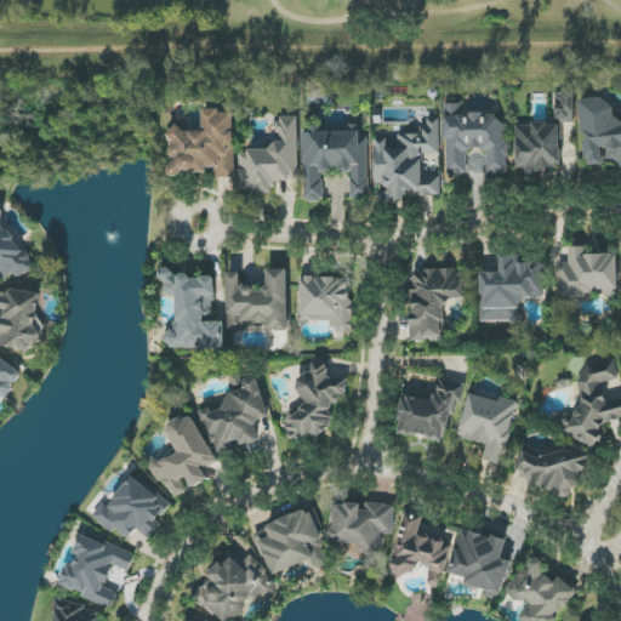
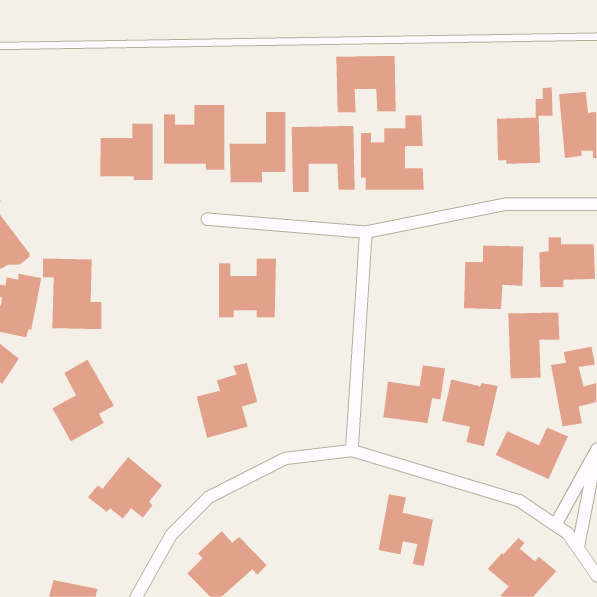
building: [443,113,506,172] -> [336,55,397,113]
building: none -> [100,123,153,181]
building: [408,268,462,337] -> [507,312,560,379]
building: [160,273,222,347] -> [42,258,102,330]
building: [298,275,349,329] -> none
building: [284,361,346,435] -> none
building: [150,411,216,497] -> [52,359,115,442]
building: [330,501,393,545] -> none
building: [257,507,329,572] -> none
building: [446,526,509,598] -> none
building: [58,532,133,605] -> none

